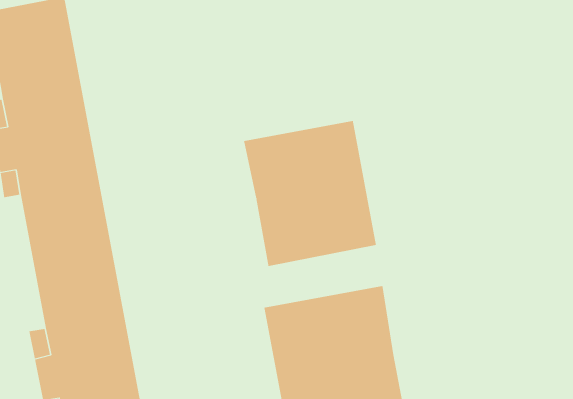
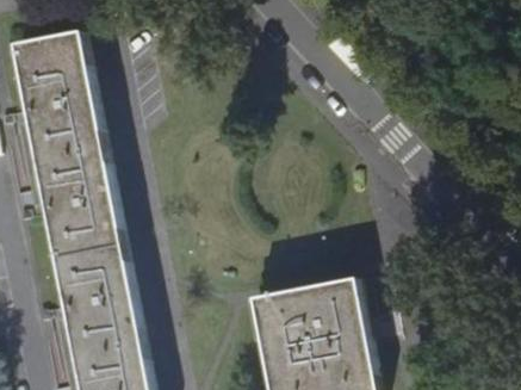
building: [243,120,376,267] -> none

